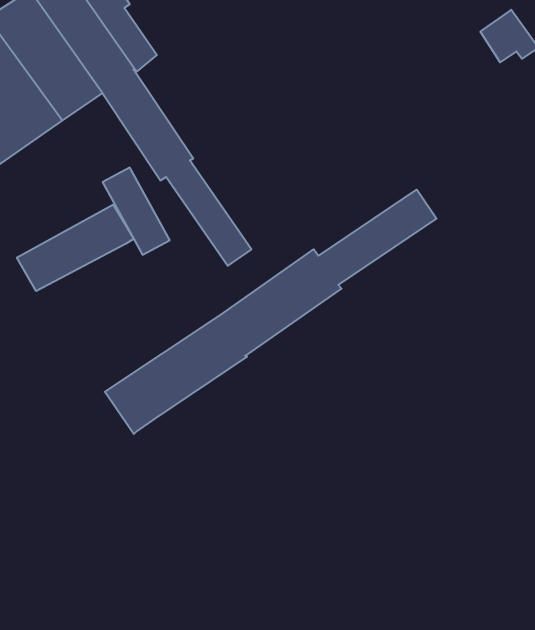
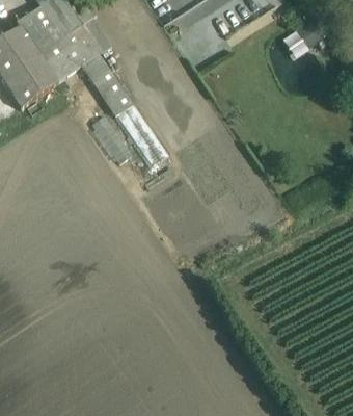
building: [105,190,437,434] -> none
building: [17,205,134,291] -> none

